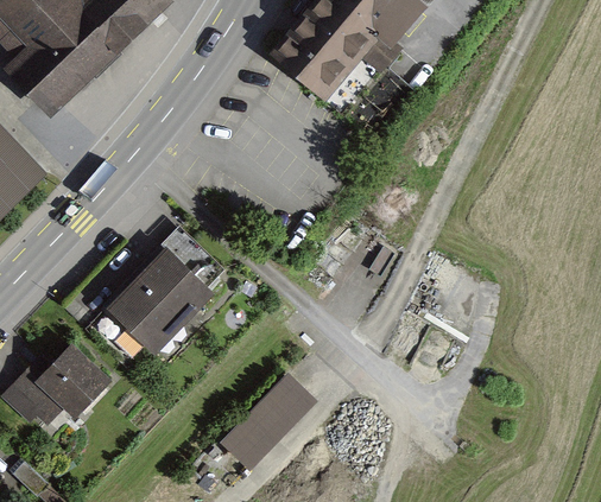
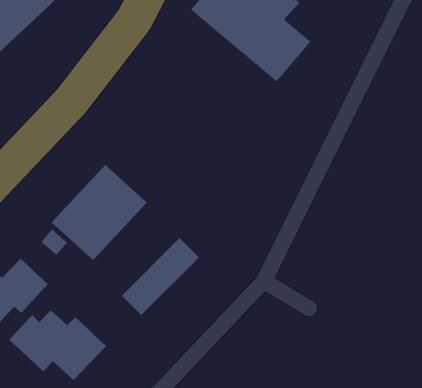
building: [221,380,314,472] -> [121,237,200,316]
building: none -> [9,309,107,381]

